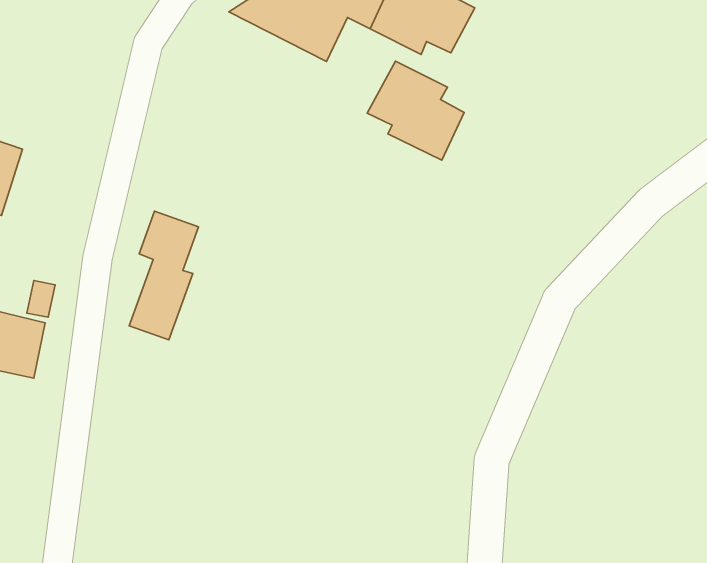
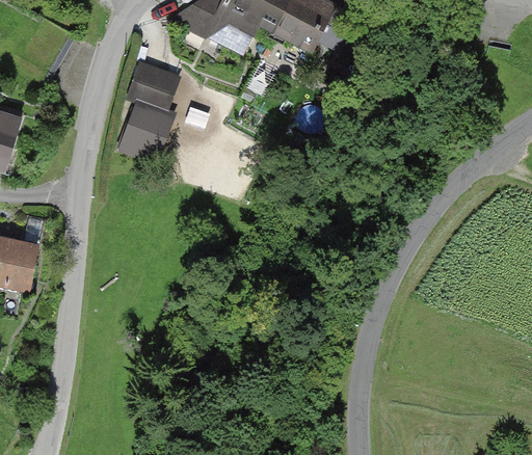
building: [367,61,464,160] -> none
building: [129,211,198,340] -> [125,63,176,158]

